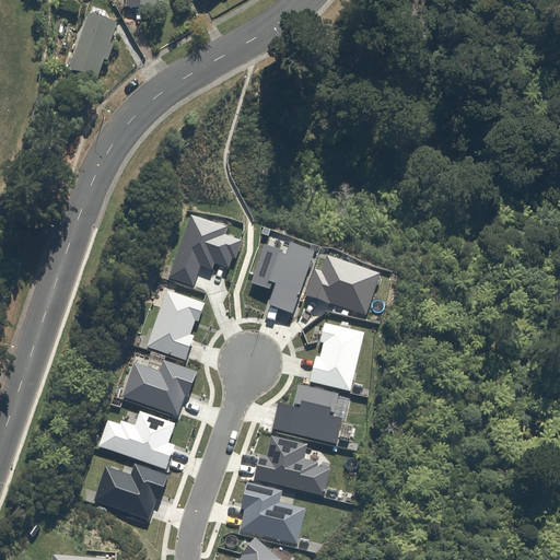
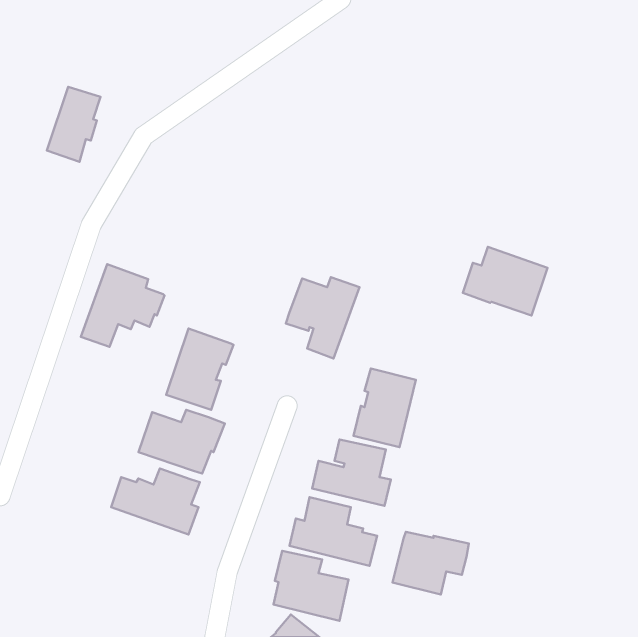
building: [70,12,117,78] -> [47,87,101,162]
building: [167,212,241,284] -> [81,264,164,347]
building: [305,255,380,315] -> [463,247,548,315]
building: [93,462,168,517] -> none
building: none -> [393,532,469,595]

